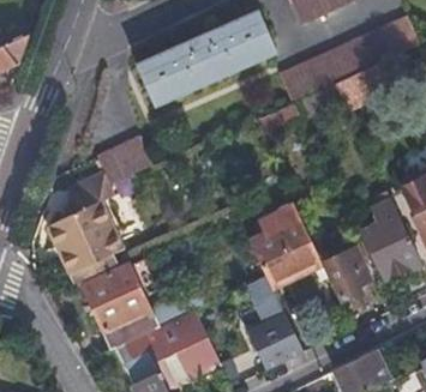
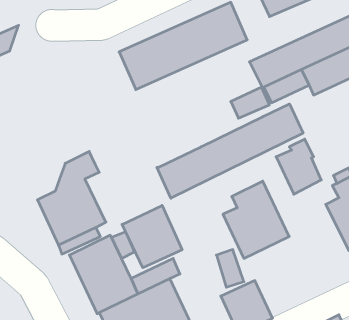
building: none -> [157,104,303,198]
building: [96,135,154,185] -> none
building: none -> [122,205,182,268]
building: [324,241,373,301] -> [276,139,321,194]

